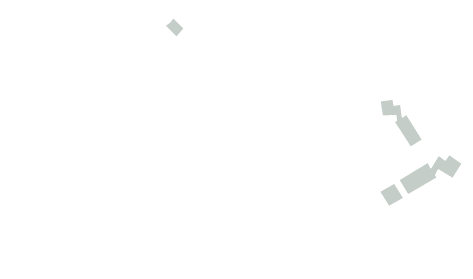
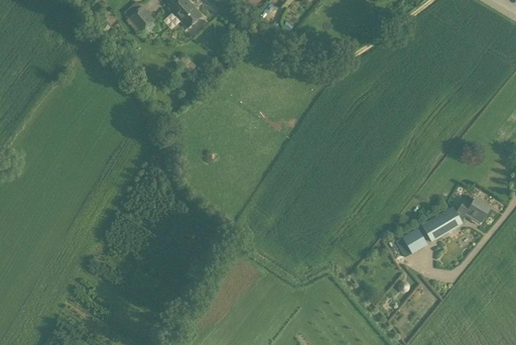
building: [380,99,423,147] -> none

